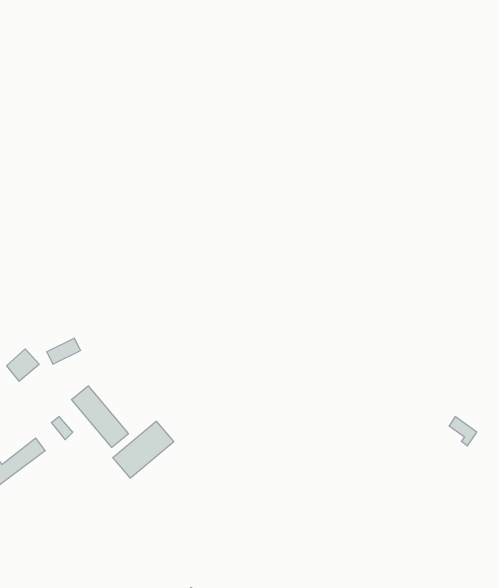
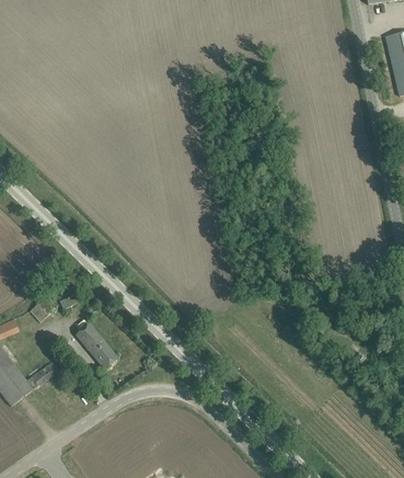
building: [113,421,174,478] -> none

